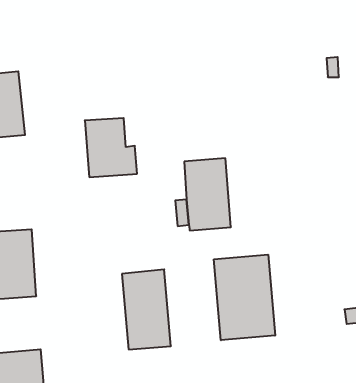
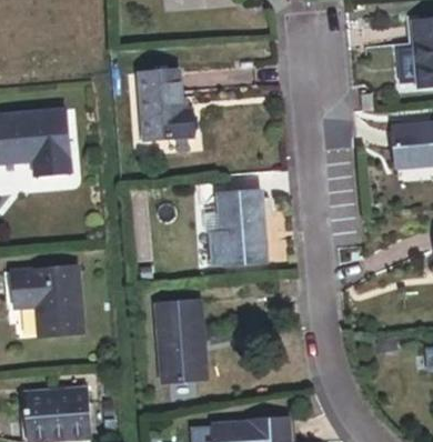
building: [85,118,137,177] -> [142,71,194,130]
building: [214,255,275,340] -> none

